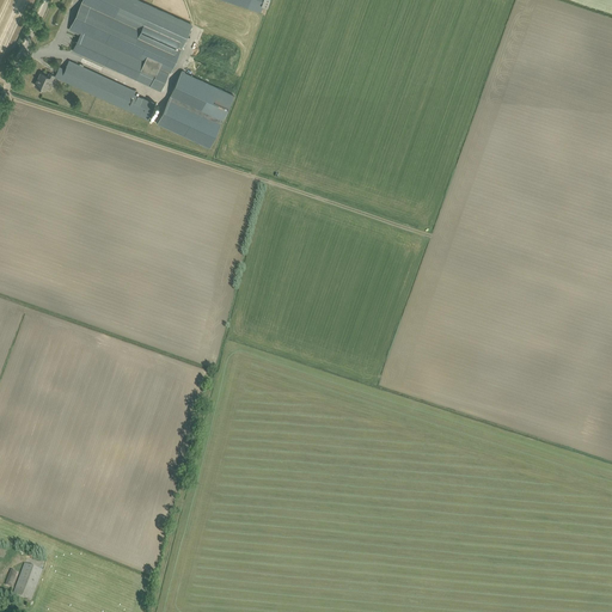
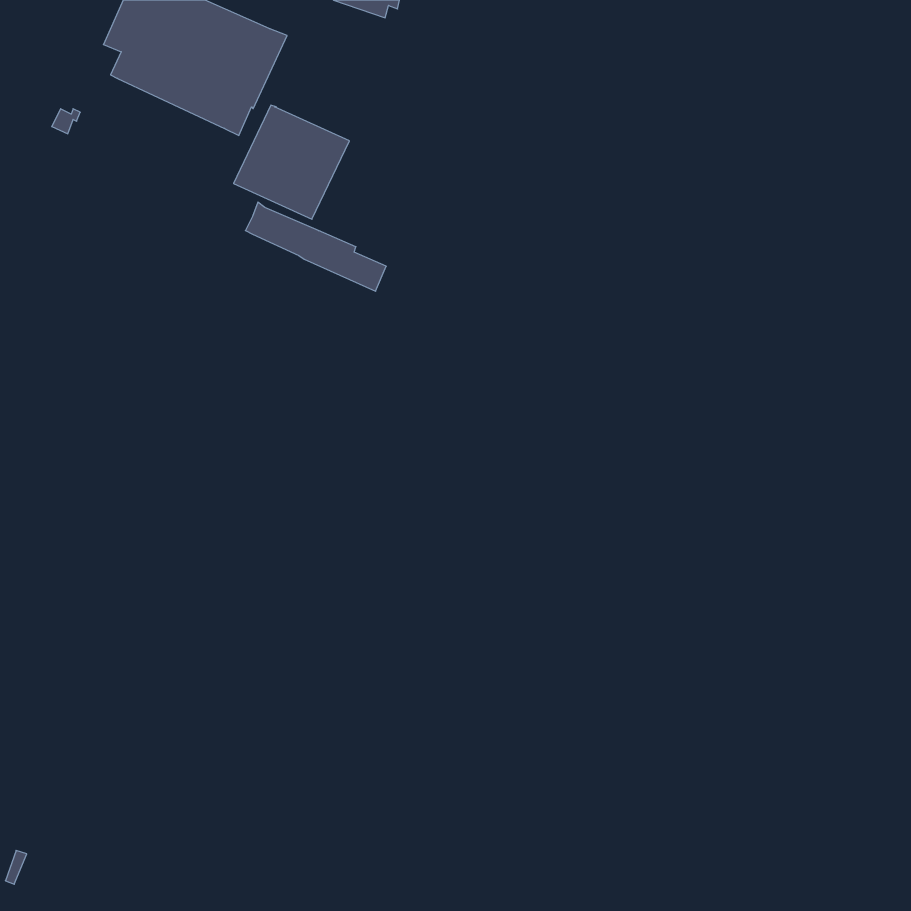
building: [61,60,155,120] -> [245,202,386,291]
building: [13,563,42,600] -> none

